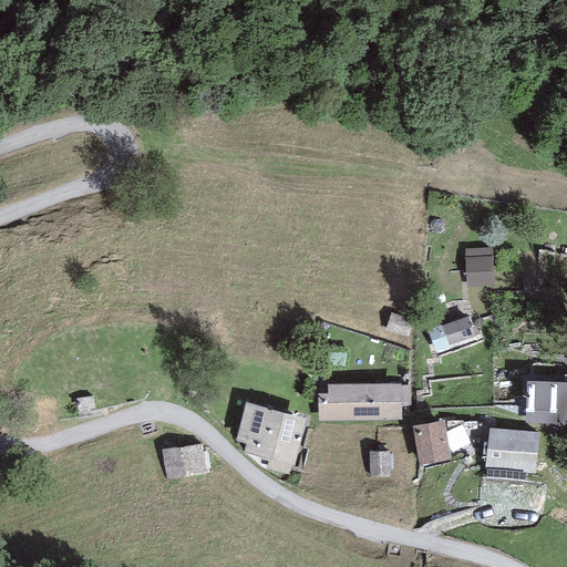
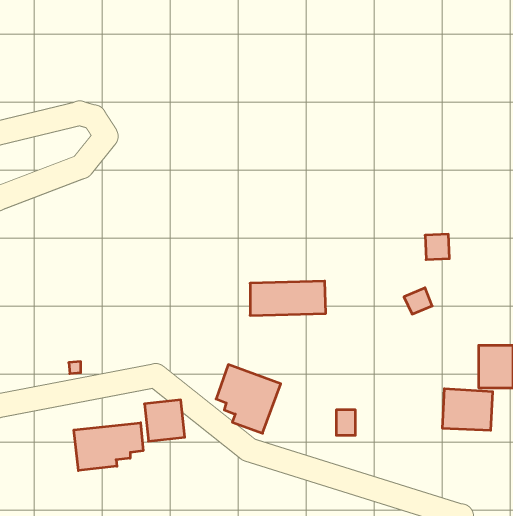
building: [321,383,404,421] -> [250,281,326,315]
building: [416,420,452,466] -> none
building: none -> [74,423,143,471]

